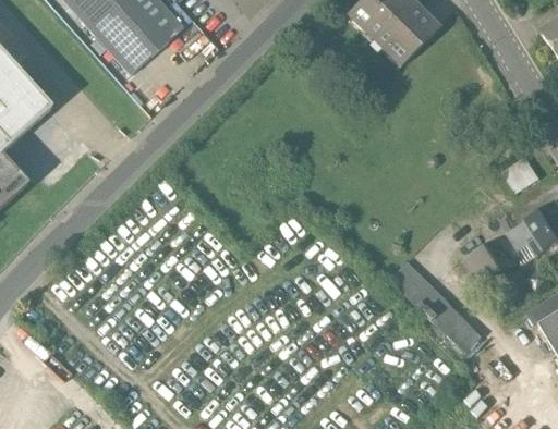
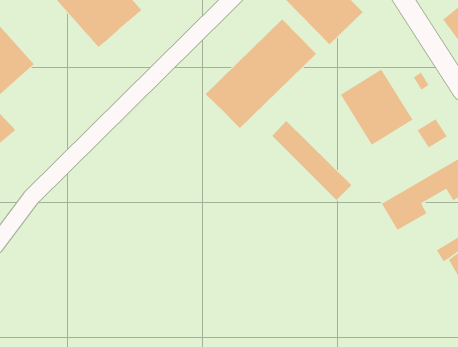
building: none -> [205,18,317,129]
building: none -> [340,68,413,146]
building: [391,261,487,357] -> [272,120,352,201]

